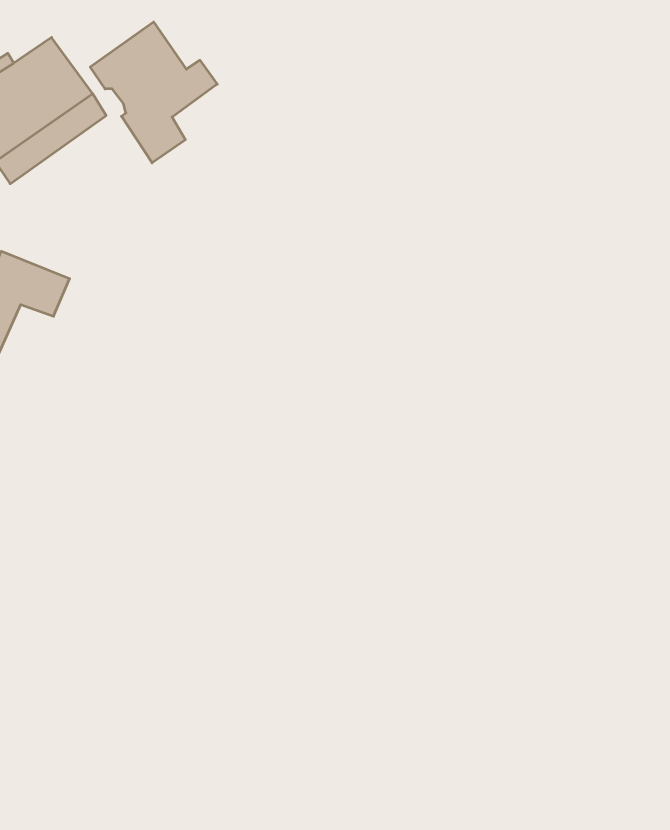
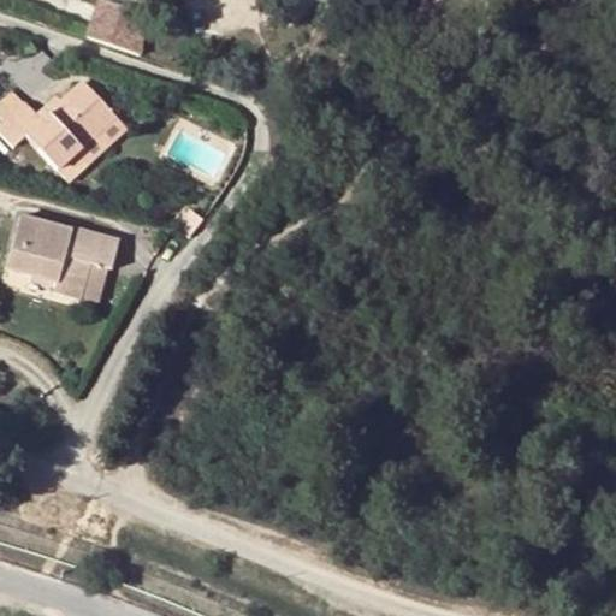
building: [90,22,217,163] -> none

